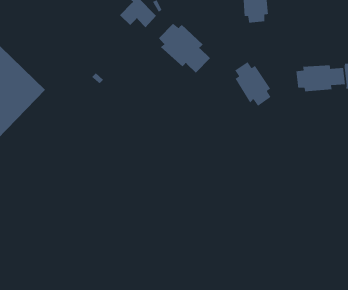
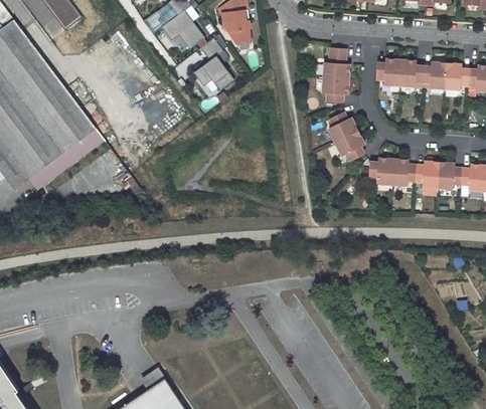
building: [158,23,211,73] -> none
building: [234,61,271,107] -> [331,113,368,163]

